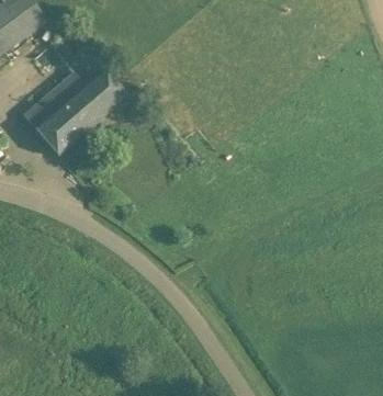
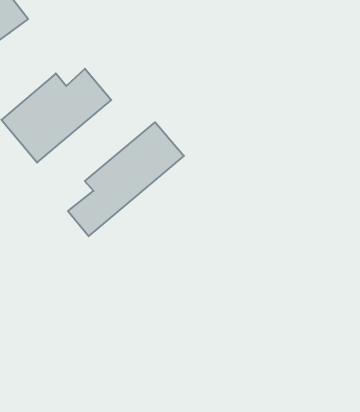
building: none -> [68,122,184,236]

